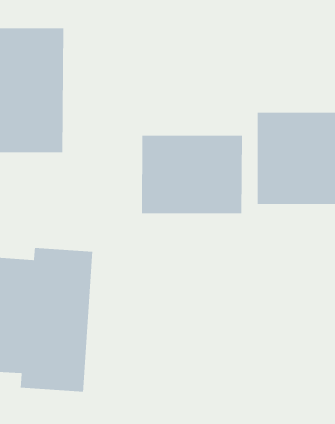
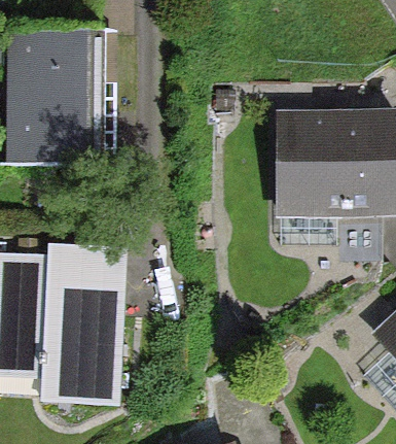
building: [141,135,243,214] -> none

